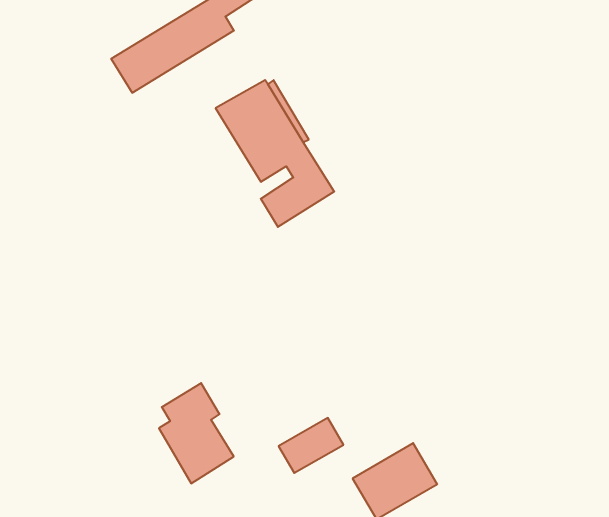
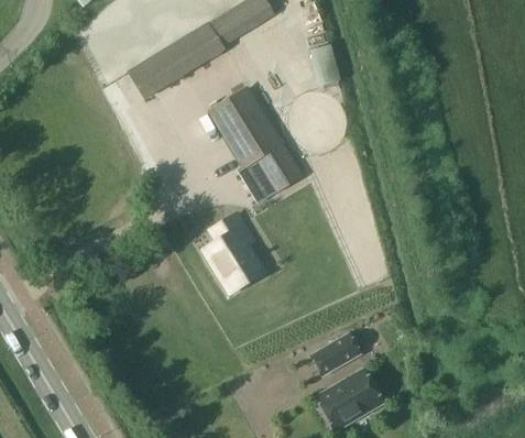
building: [159,383,234,483] -> [205,213,263,292]
building: [279,418,343,473] -> [310,332,361,375]

